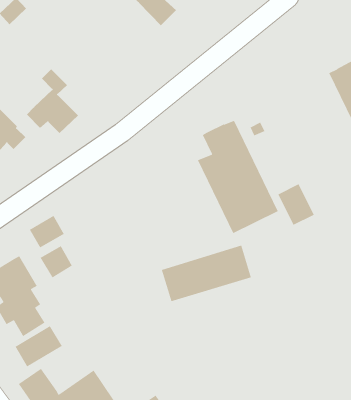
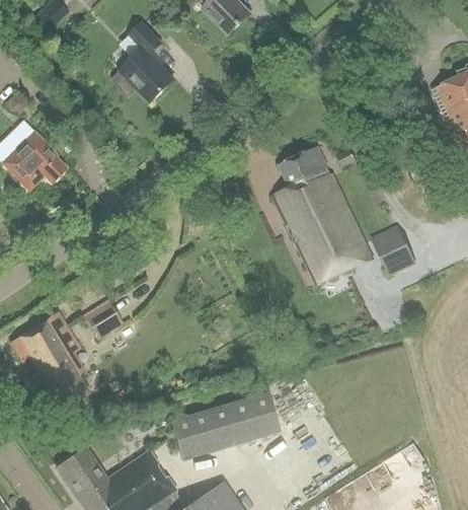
building: [26,69,79,134] -> [111,23,175,102]
building: [29,215,65,249] -> none
building: [161,244,252,302] -> [170,390,281,460]
building: [14,325,63,368] -> none

